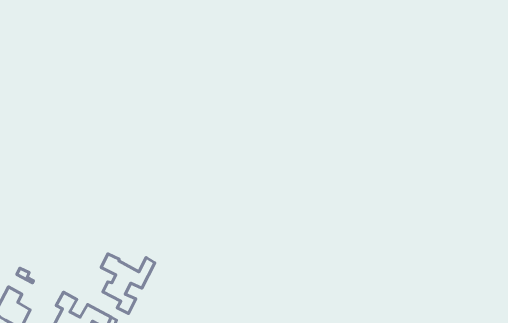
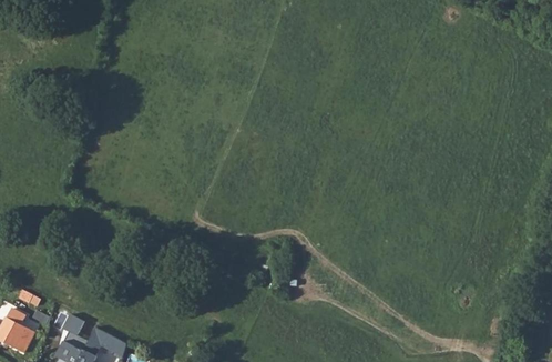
building: [101,254,155,313] -> none

